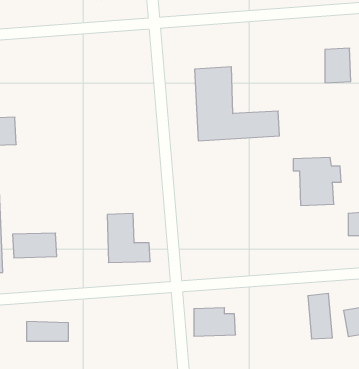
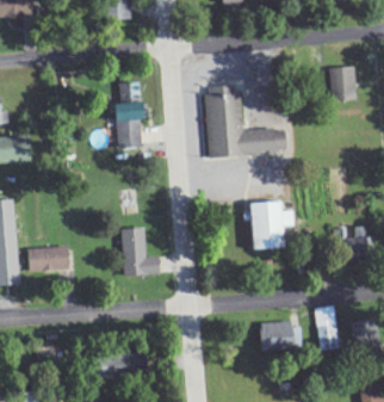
building: none -> [116,82,150,147]
building: [293,157,341,205] -> [249,200,296,247]
building: [194,308,236,336] -> [262,321,303,348]
building: [27,322,68,341] -> [110,352,150,371]

